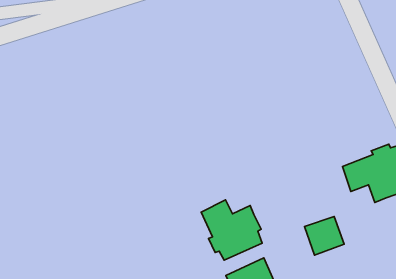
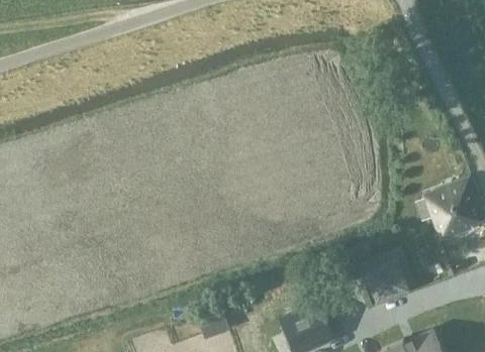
building: [201,200,262,260] -> none

